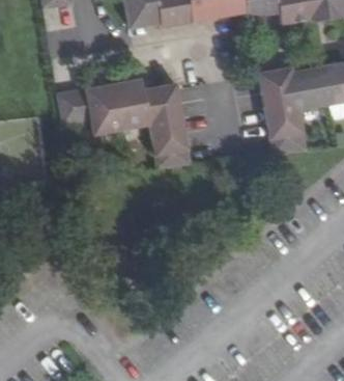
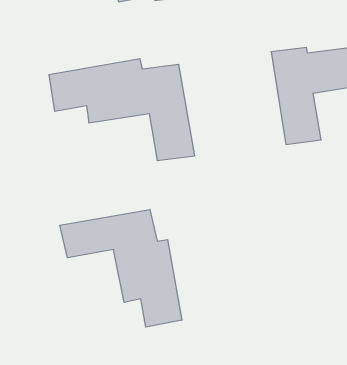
building: none -> [60,209,182,327]

